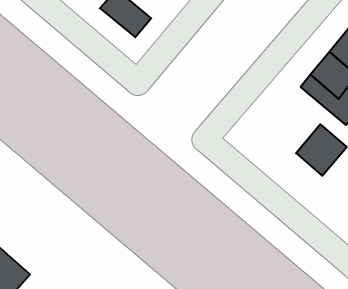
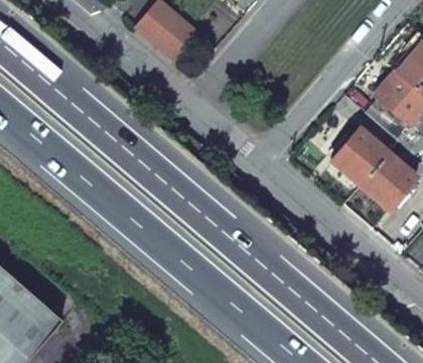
building: none -> [330,128,386,185]

